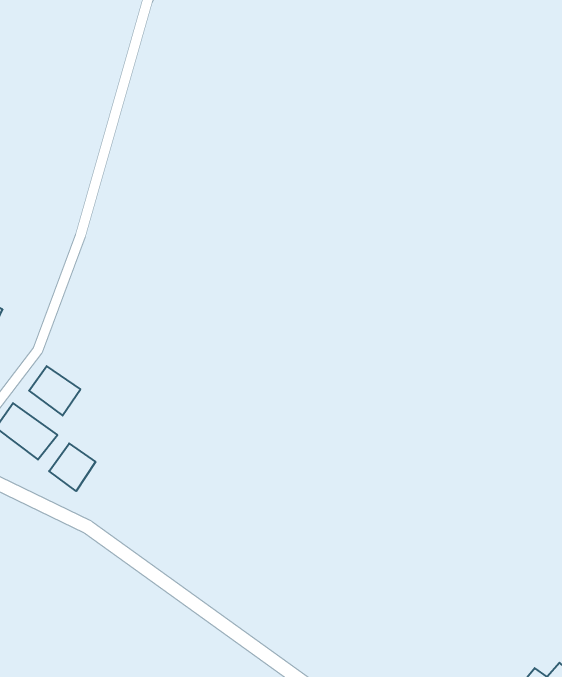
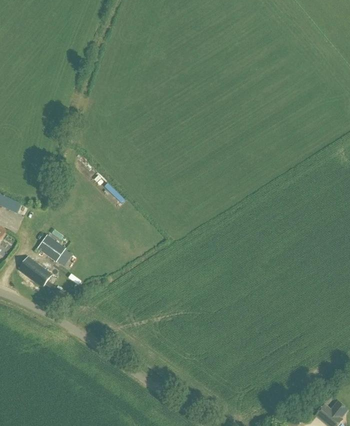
building: [49,443,95,491] -> none

